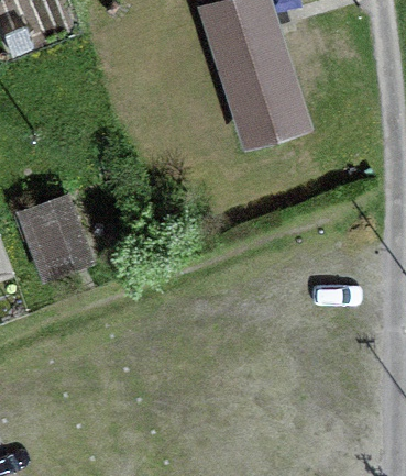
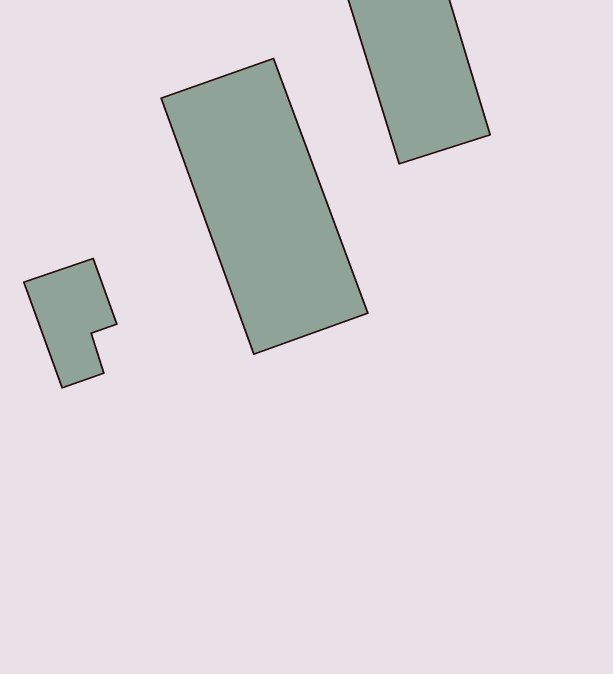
building: none -> [161,59,368,354]

